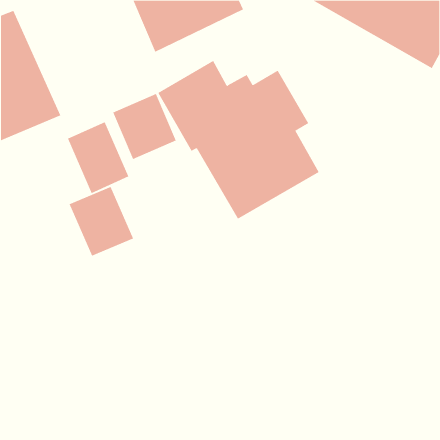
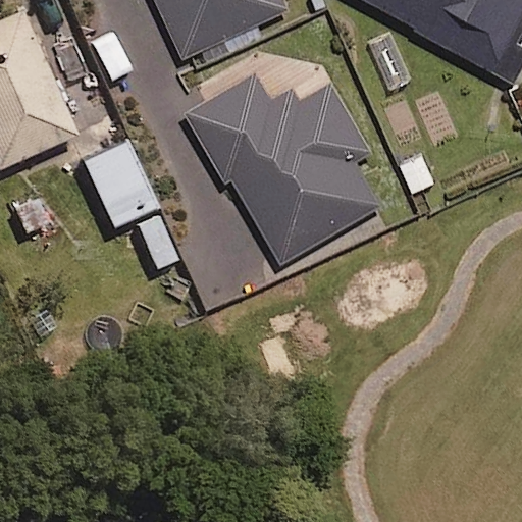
building: [112,93,177,160] -> none
building: [69,186,134,257] -> none

